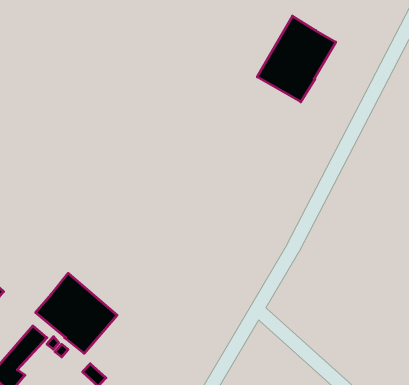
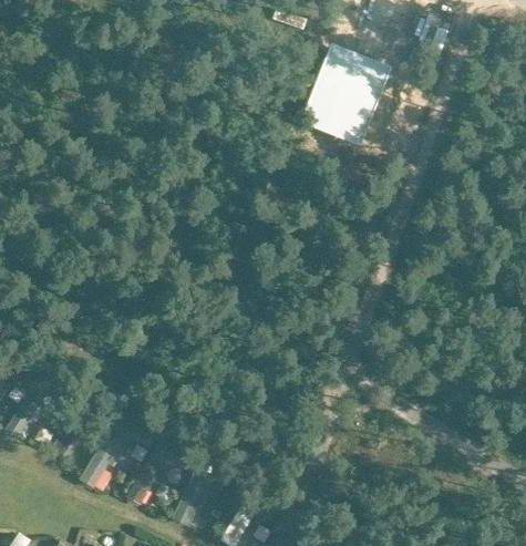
building: [36,273,117,353] -> none

